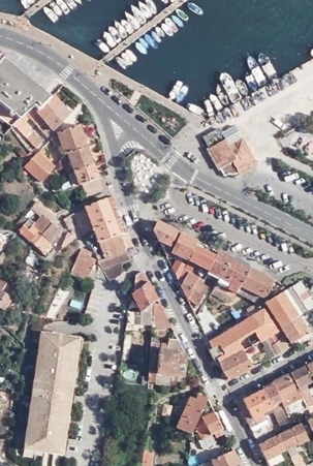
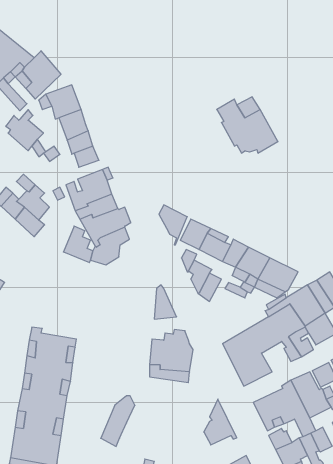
building: [131,269,157,330] -> none
building: [177,390,207,434] -> [101,396,135,446]

